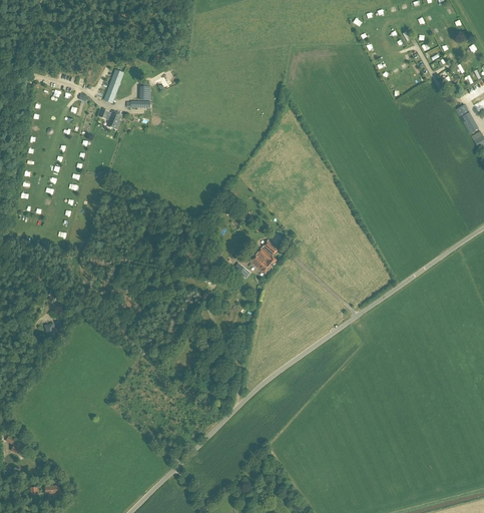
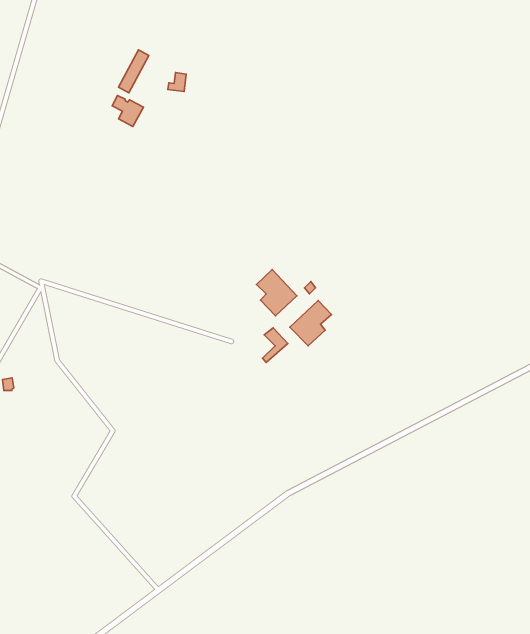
building: none -> [256,270,297,316]

